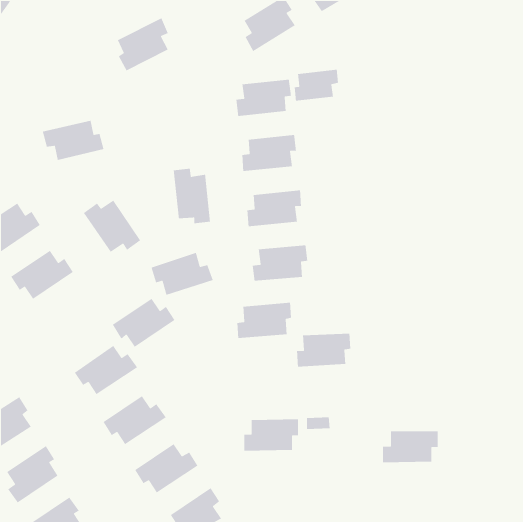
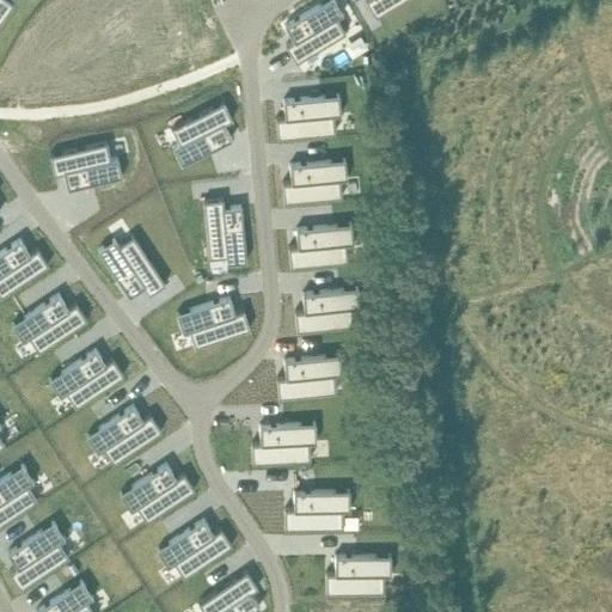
building: [117,17,169,71] -> [171,100,232,164]
building: [294,69,339,101] -> none
building: [112,298,175,348] -> [49,348,123,406]
building: [296,333,351,367] -> [251,422,316,463]
building: [382,430,438,463] -> [325,555,391,593]

